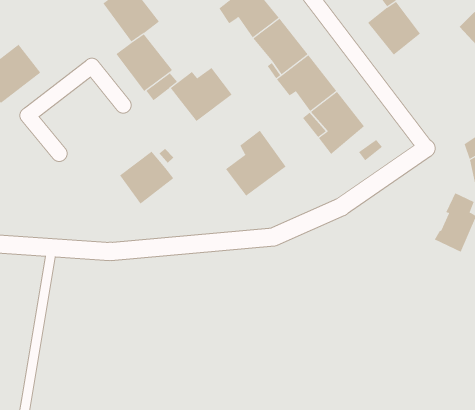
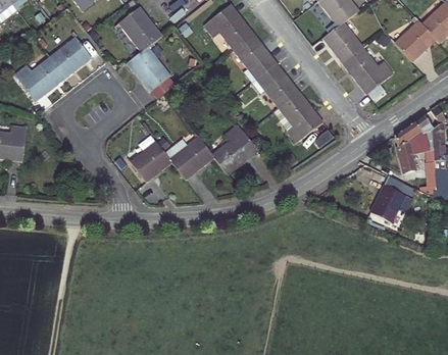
building: none -> [50,36,92,78]
building: none -> [343,47,395,96]
building: [170,67,233,122] -> [165,136,214,179]

